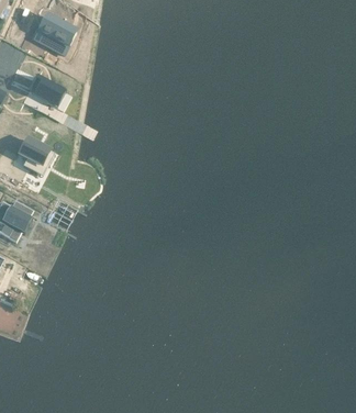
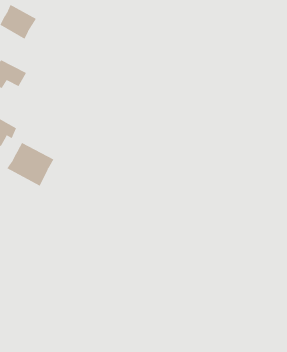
building: none -> [7,142,54,187]

